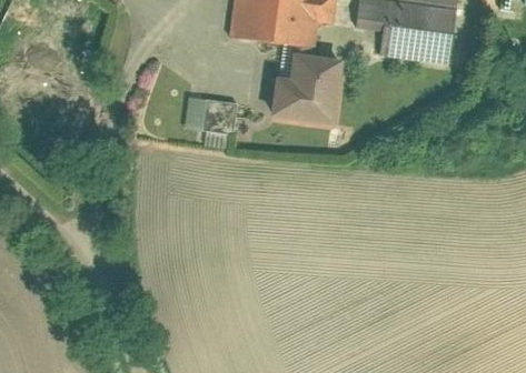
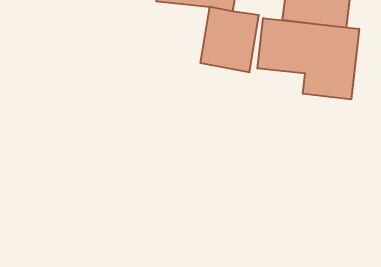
building: none -> [258,18,359,99]
building: [185,100,238,134] -> none

